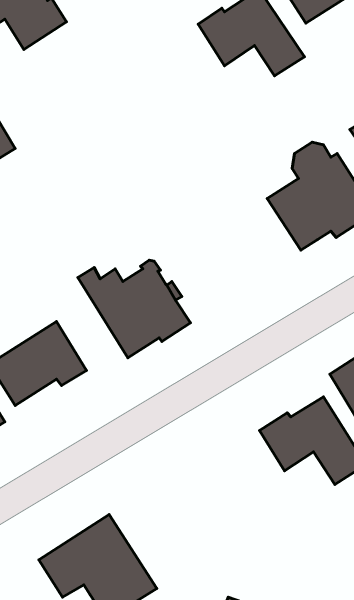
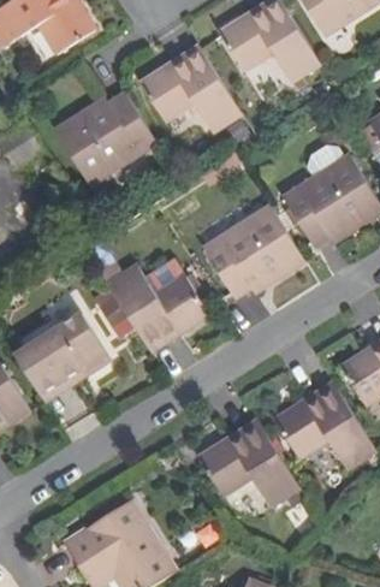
building: none -> [136,45,239,128]
building: none -> [51,91,156,185]
building: none -> [202,206,304,298]
building: none -> [197,426,299,510]

